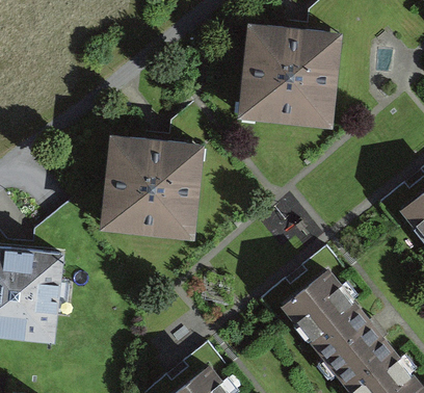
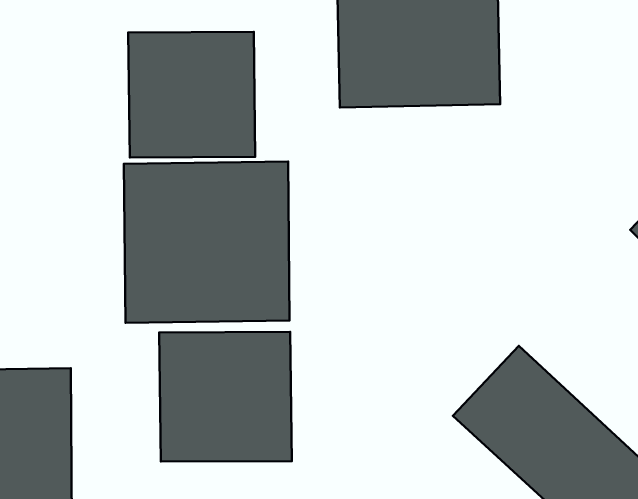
building: none -> [128,32,255,157]
building: none -> [159,332,292,462]

